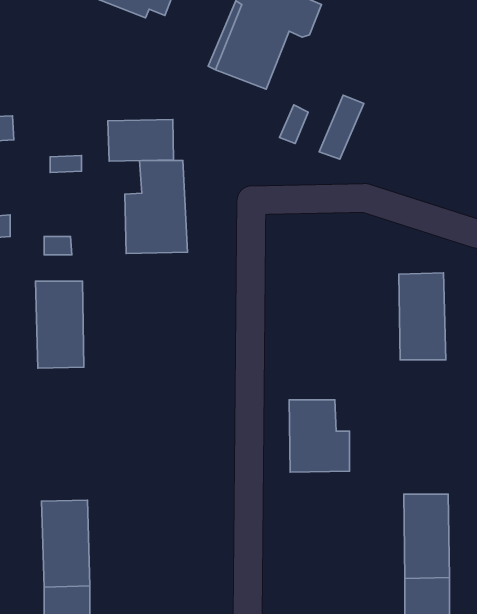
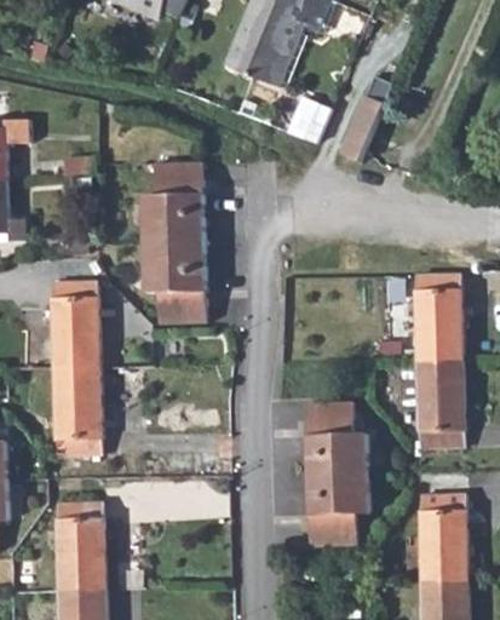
building: [108,119,173,161] -> none
building: none -> [142,253,206,323]
building: none -> [416,361,464,447]
building: none -> [53,368,102,453]
building: none -> [306,472,367,545]

